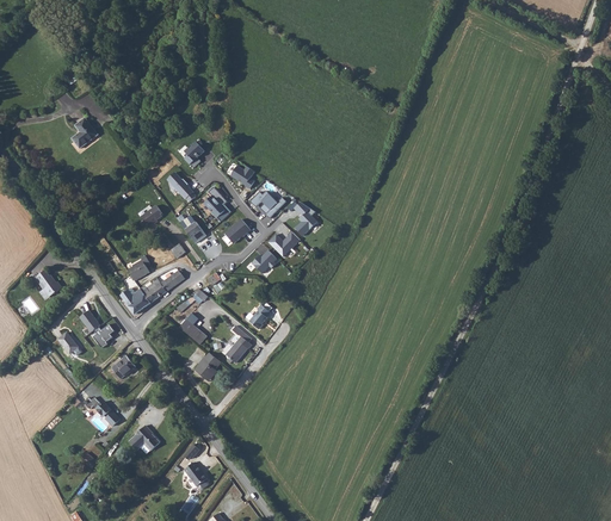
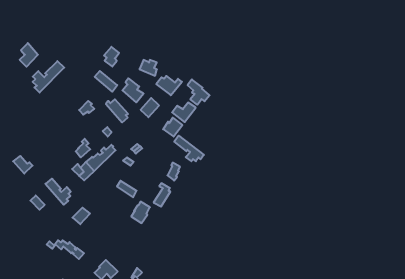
building: none -> [33,61,64,93]
building: none -> [174,136,204,161]

